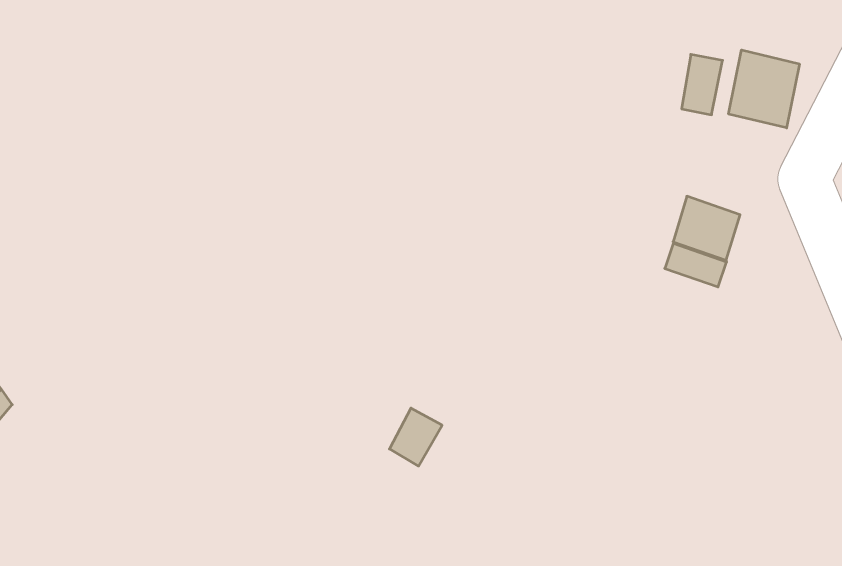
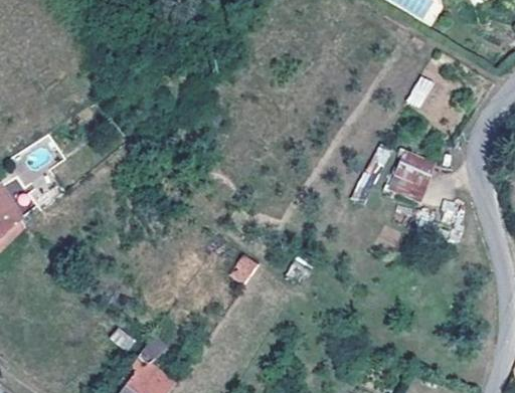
building: [729,50,799,128] -> none

